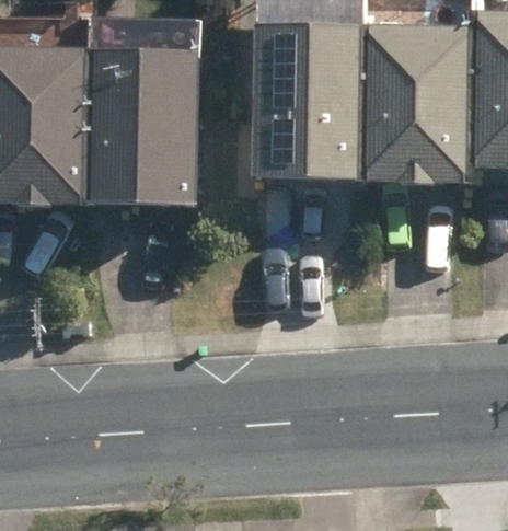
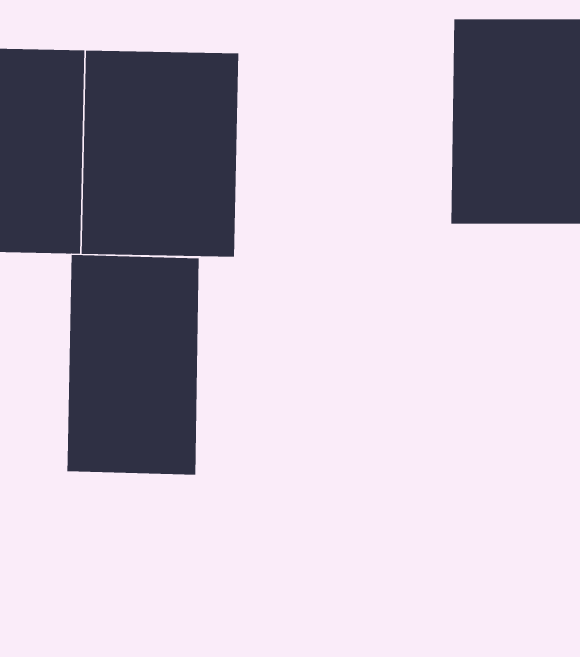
building: [254,19,365,177] -> none
building: none -> [67,254,199,476]

